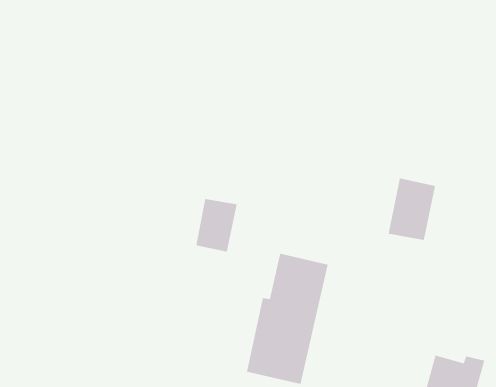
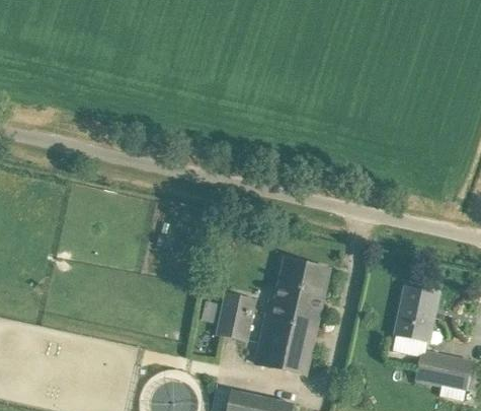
building: [388,178,436,241] -> [396,285,438,341]
building: [195,199,238,252] -> [218,292,255,340]

